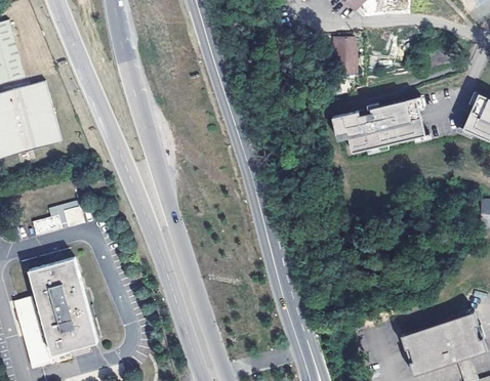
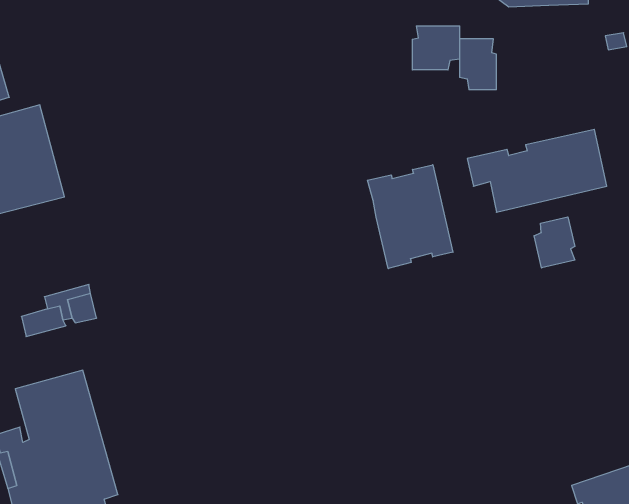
building: none -> [412,26,460,70]
building: none -> [367,165,453,269]
building: none -> [534,217,575,268]

